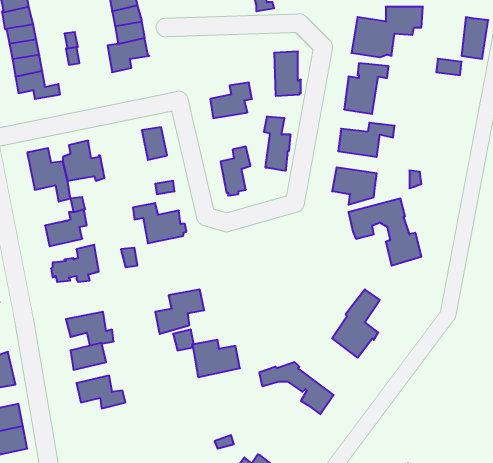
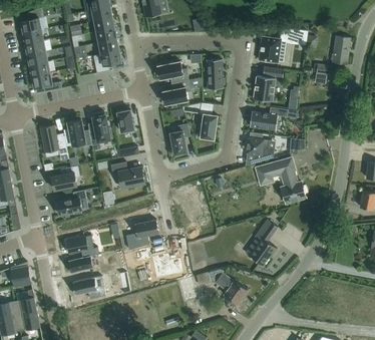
building: none -> [157,61,189,82]
building: none -> [88,114,109,149]

